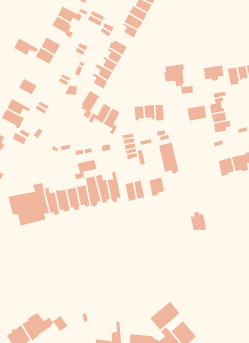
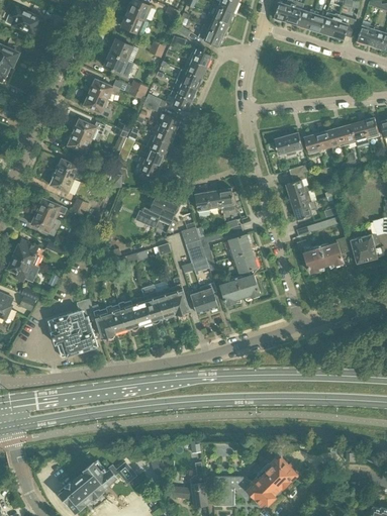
building: [13,37,39,56] -> [54,158,86,180]
building: [164,63,194,94] -> none
building: [80,90,100,119] -> none
building: [187,105,207,122] -> none
building: [74,159,97,180] -> none
building: [190,211,207,231] -> [235,271,259,297]
building: [149,300,180,331] -> none

